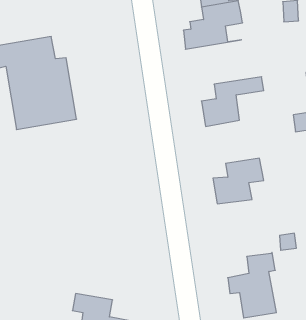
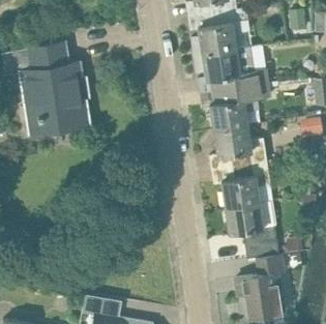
building: none -> [195,47,269,90]
building: none -> [214,125,267,168]
building: none -> [226,203,278,259]

